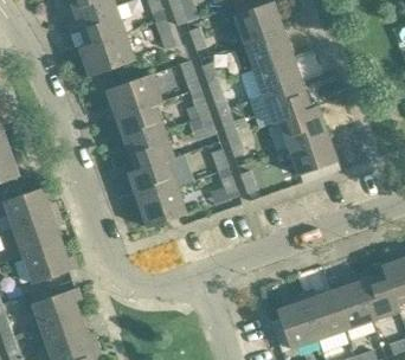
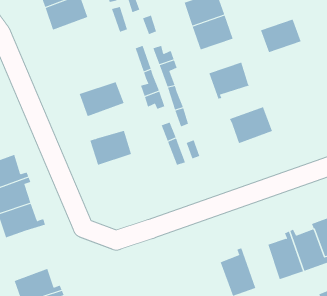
building: [78,31,137,77] -> none
building: [255,56,302,95] -> [260,19,302,53]
building: [107,72,166,118] -> none
building: [278,105,327,147] -> none
building: [126,129,178,169] -> none
building: [137,187,187,229] -> none
building: [32,288,81,332] -> none
building: [302,290,345,340] -> none

